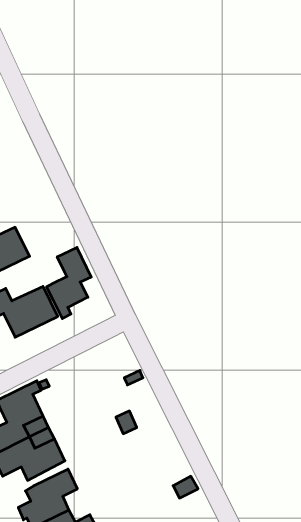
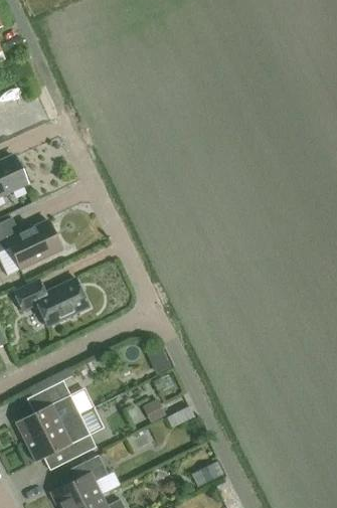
building: [47,247,91,319] -> none

